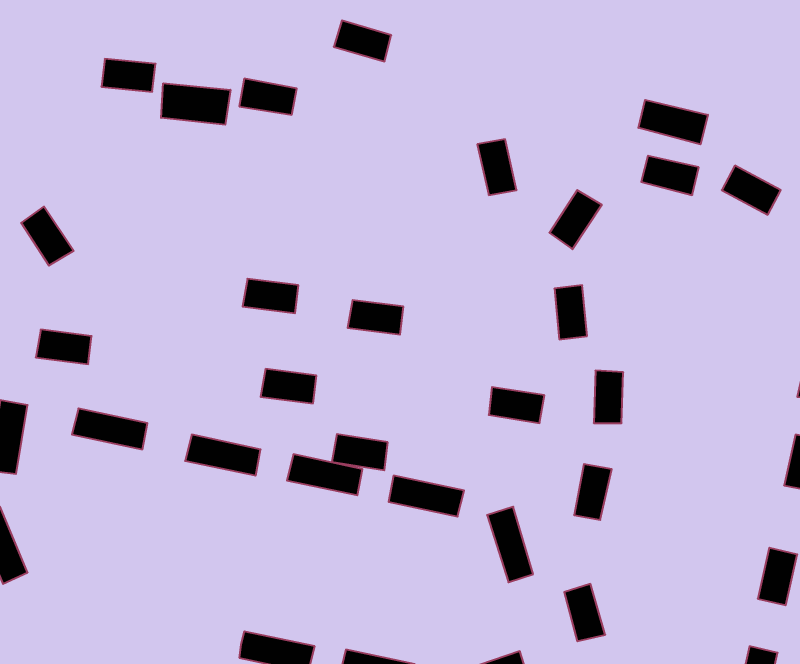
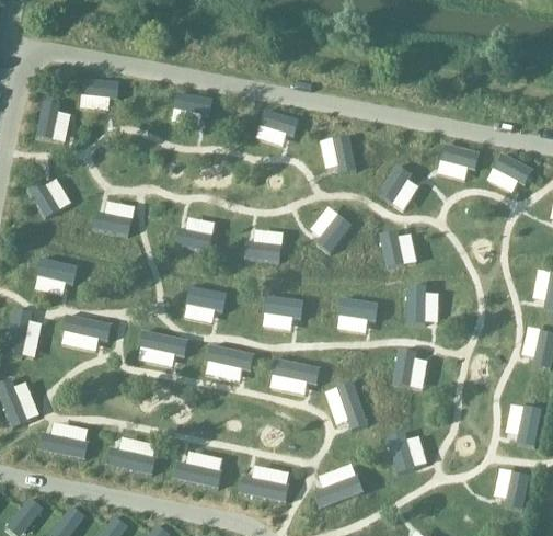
building: [334,20,391,61] -> [260,110,298,137]
building: [161,83,230,125] -> none
building: none -> [35,104,61,141]
building: [638,100,708,144] -> none
building: none -> [94,209,131,233]
building: none -> [314,213,349,252]
building: [332,434,388,470] -> [265,294,302,318]
building: none -> [38,431,89,458]
building: none -> [105,446,155,474]

